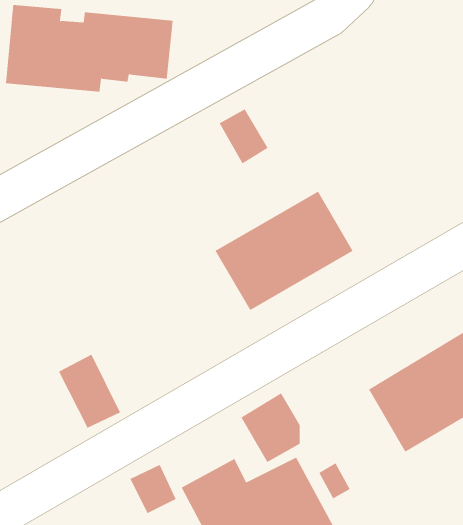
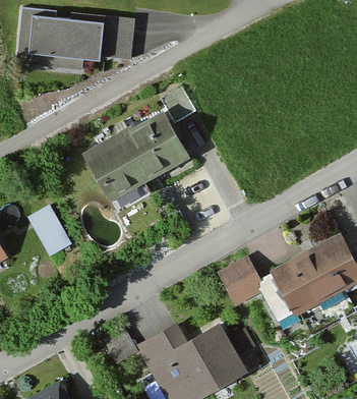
building: [215,191,354,311] -> [93,110,189,193]
building: [58,354,121,428] -> [27,205,71,256]
building: [240,393,300,463] -> [218,256,259,305]

